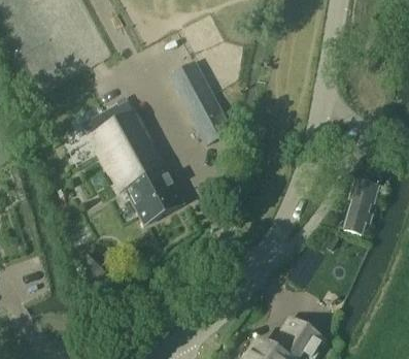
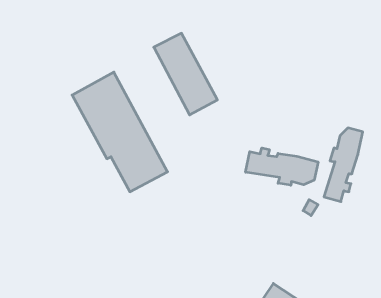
building: none -> [246,148,318,185]

